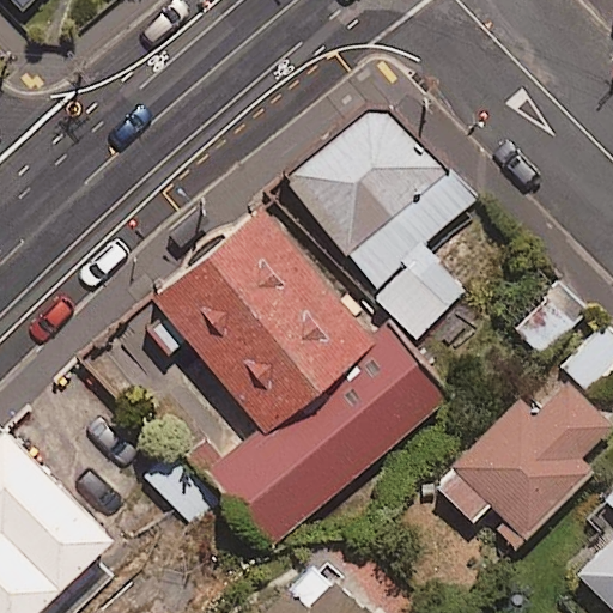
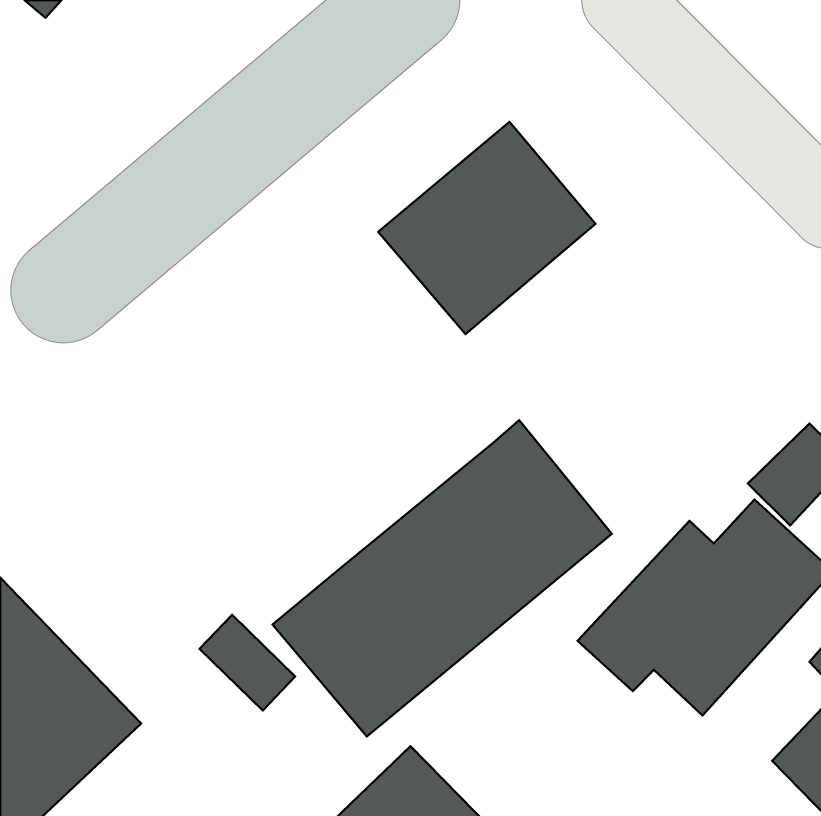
building: [350,172,479,342] -> none
building: [144,199,370,429] -> none

